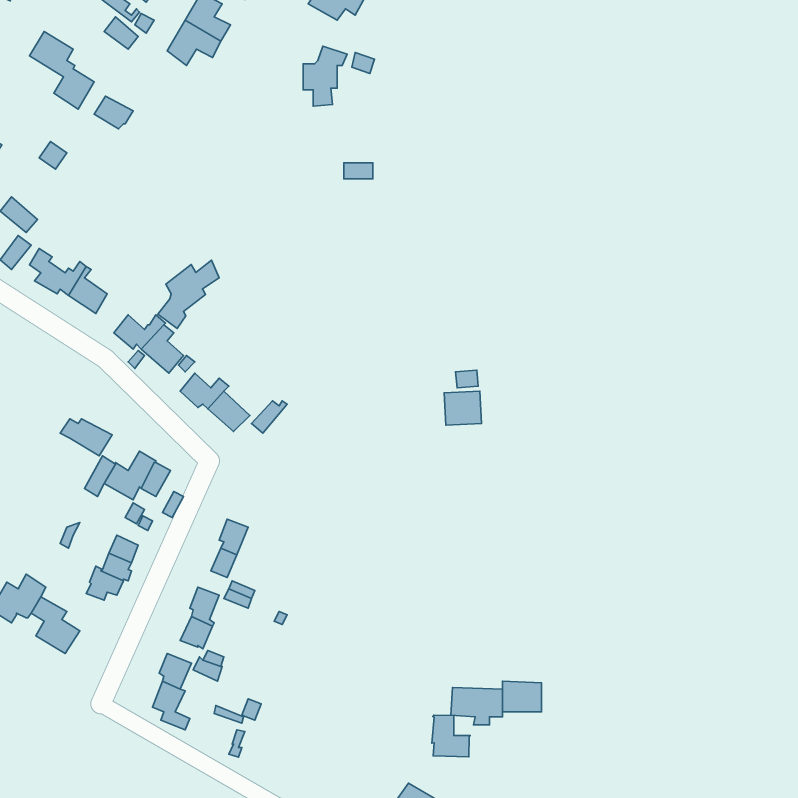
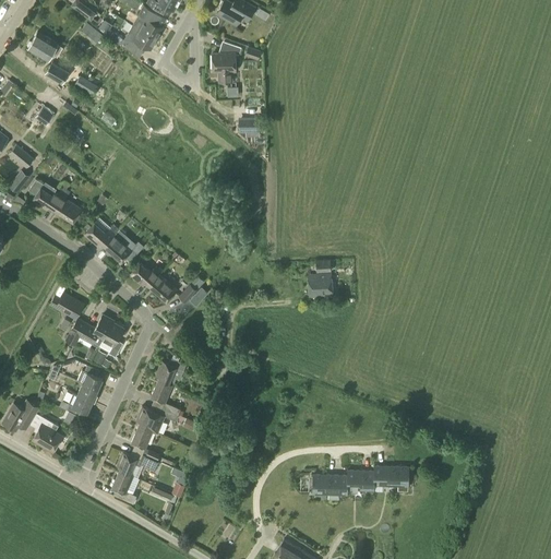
building: [158,260,219,328] -> none
building: none -> [374,465,409,490]
building: [432,715,470,757] -> none

